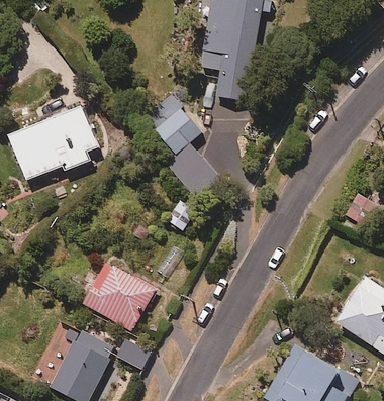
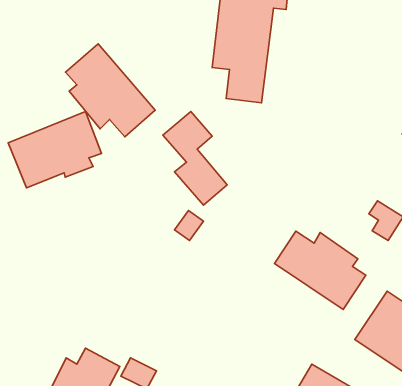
building: none -> [66,44,155,137]
building: none -> [275,231,366,310]
building: [84,264,154,330] -> none

